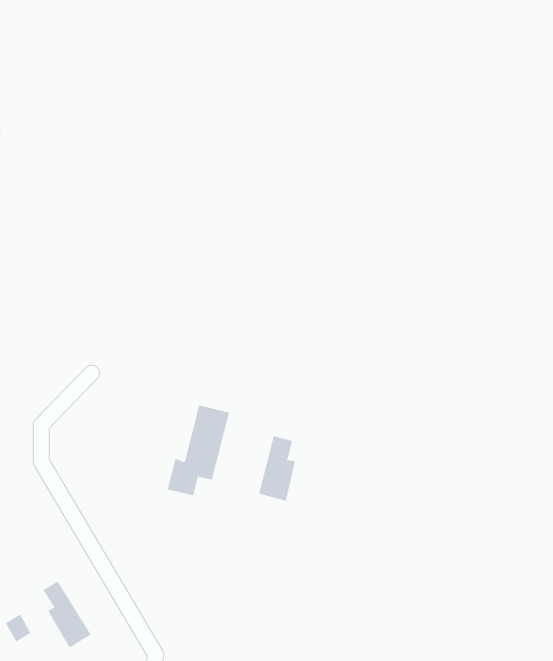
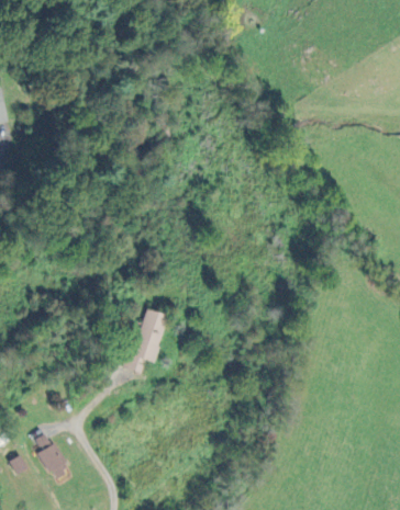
building: [259,436,295,502] -> none

